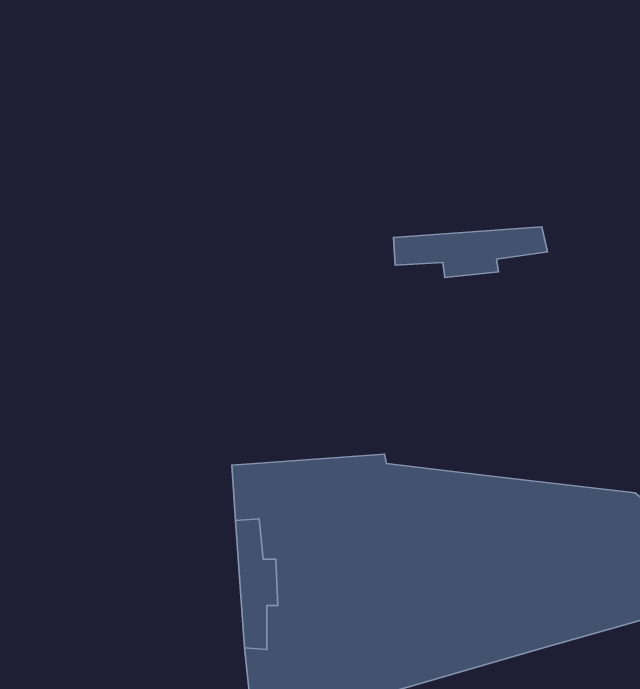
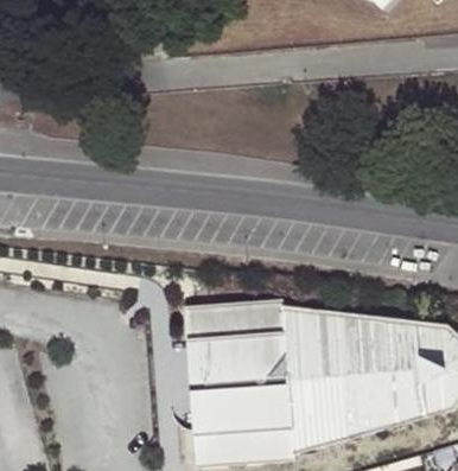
building: [393,227,548,277] -> none

